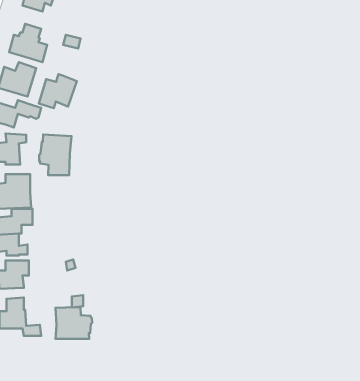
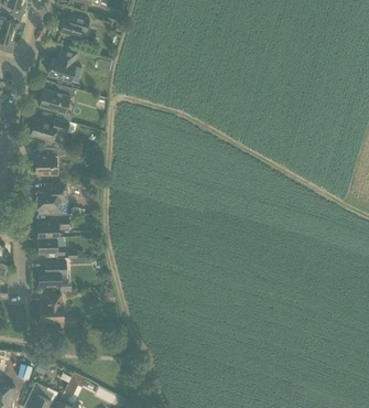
building: [39,74,77,108] -> none
building: [39,135,71,175] -> none
building: [56,307,92,339] -> none

